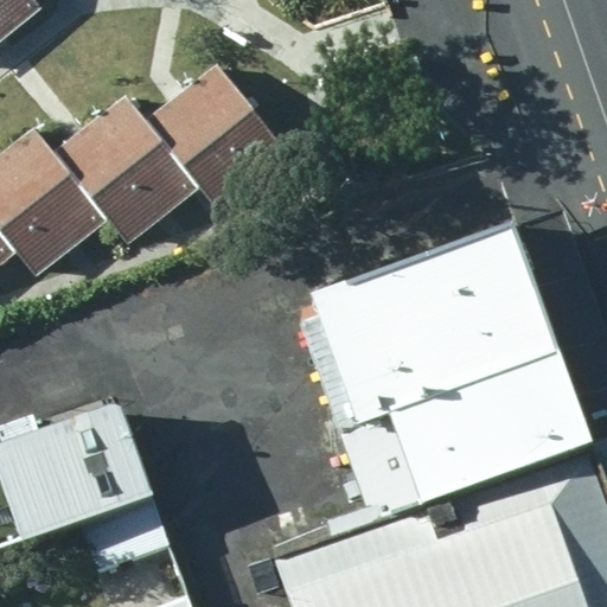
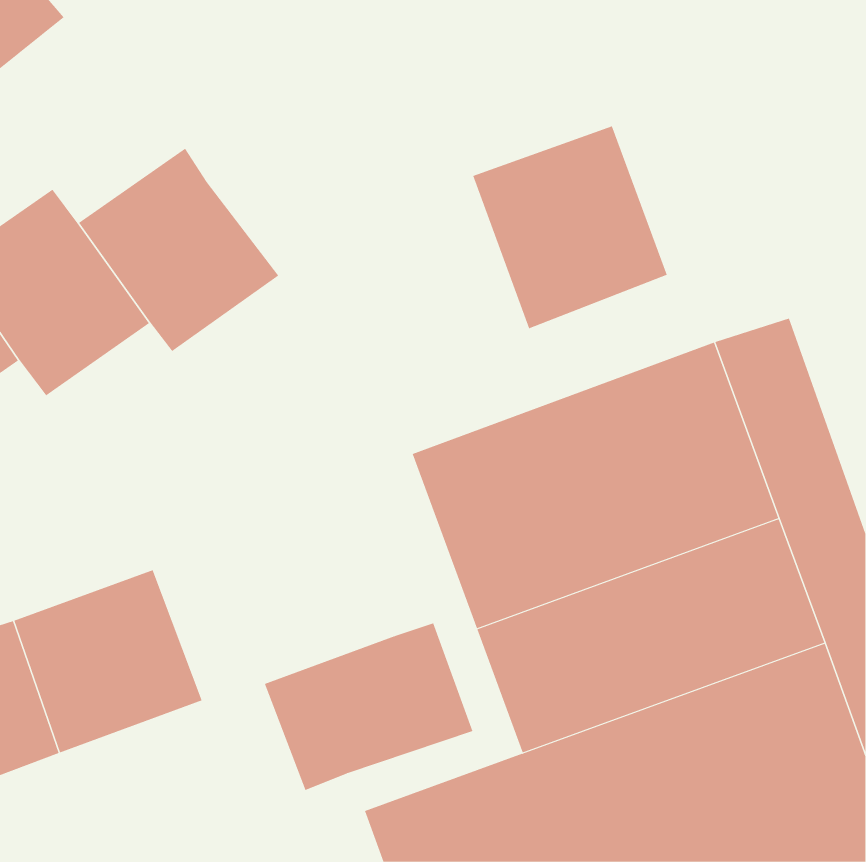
building: [145,71,286,216] -> none
building: none -> [473,126,667,329]
building: none -> [264,623,473,791]

